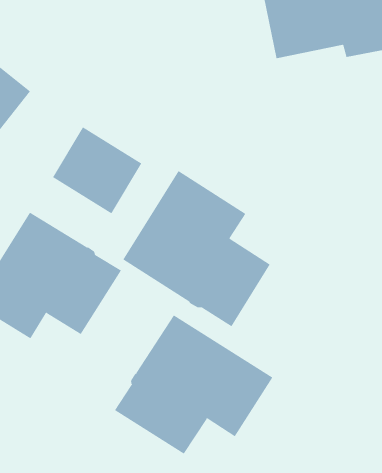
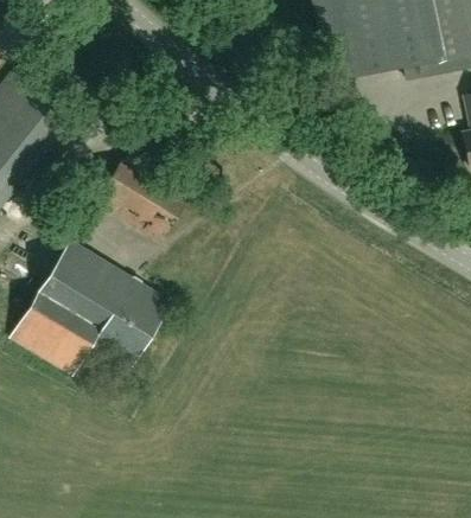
building: [123,170,271,327] -> none
building: [114,315,273,455] -> none

